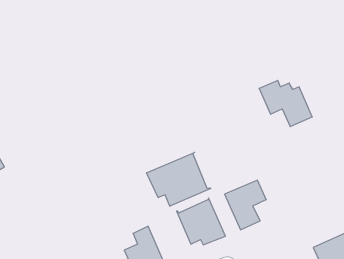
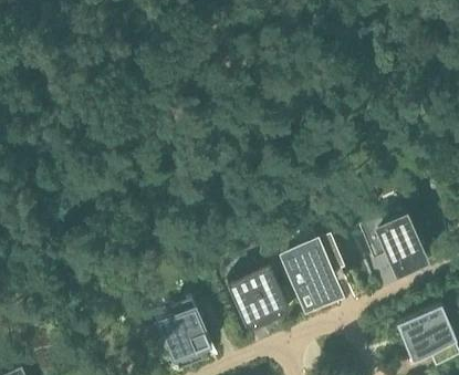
building: [259,80,312,127] -> [358,215,425,272]
building: [147,152,211,206] -> none

